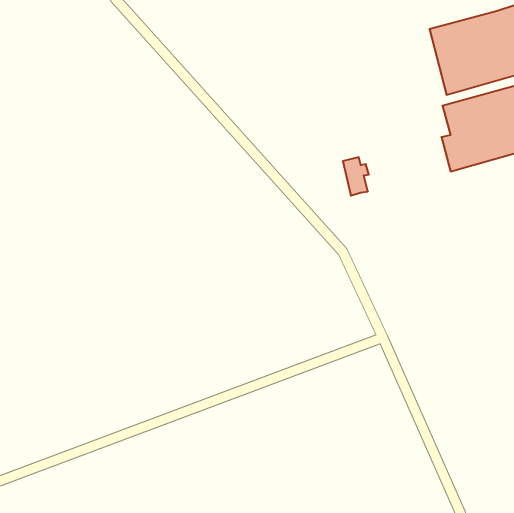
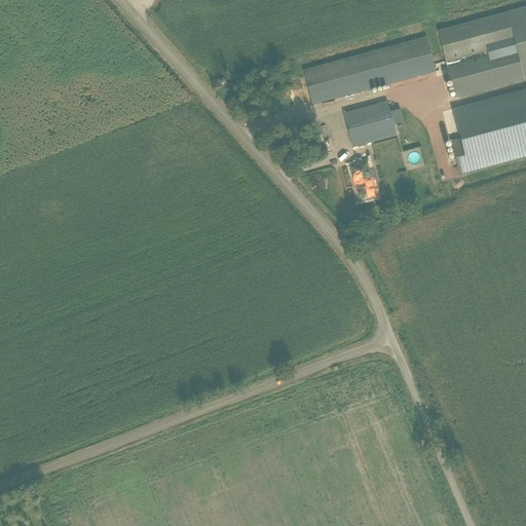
building: none -> [304,36,437,104]
building: none -> [344,101,405,146]

